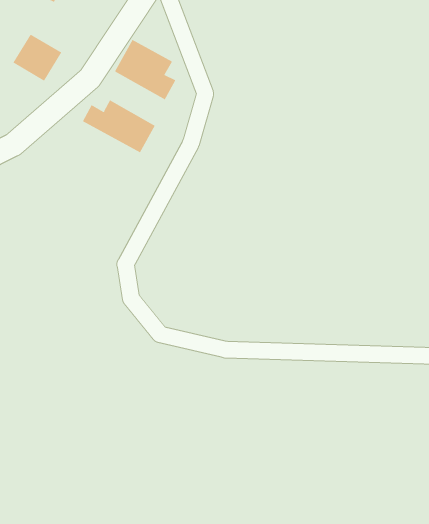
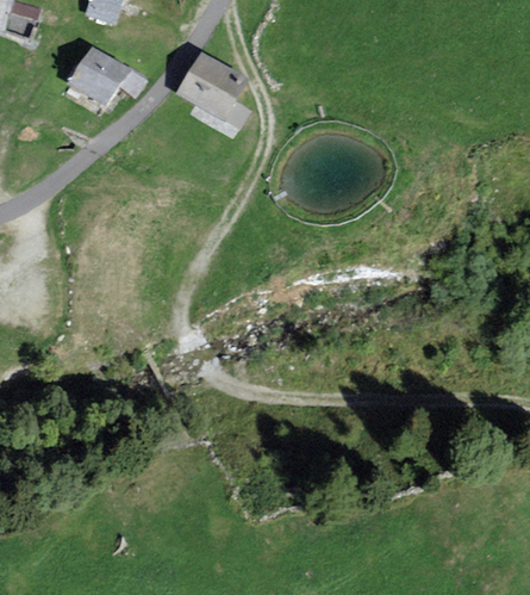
building: [82,99,156,153] -> none

